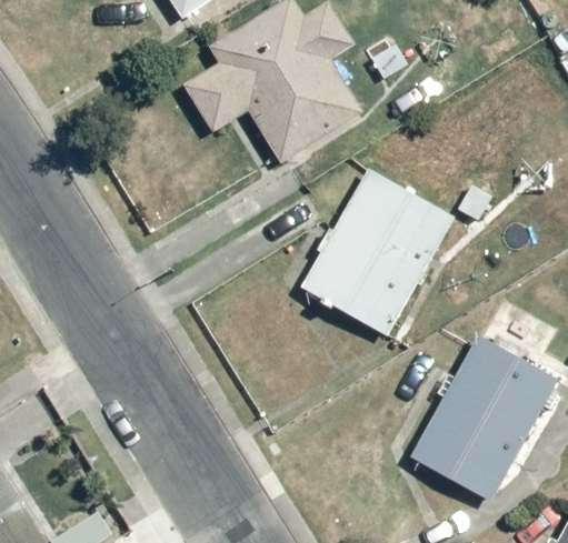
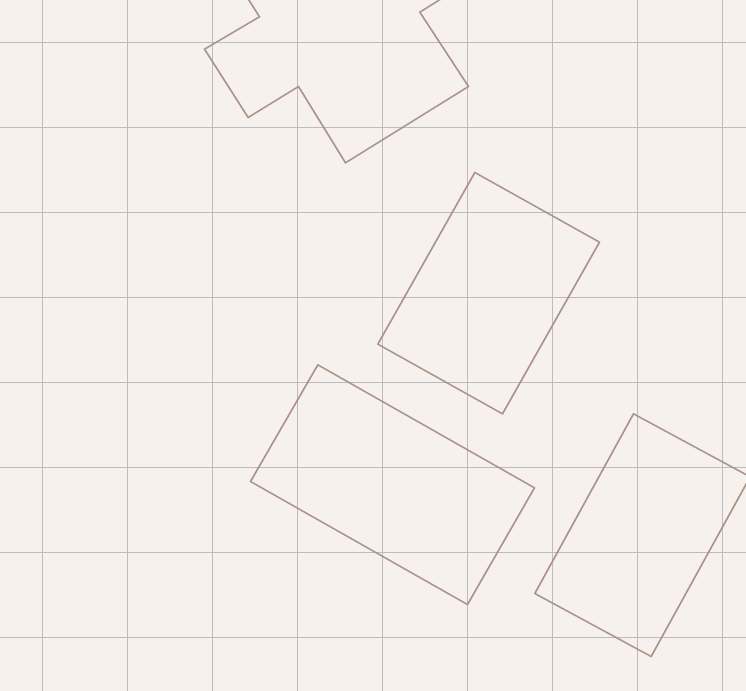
building: none -> [251,365,535,604]

